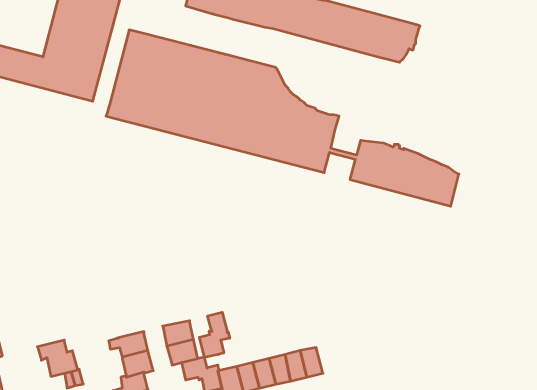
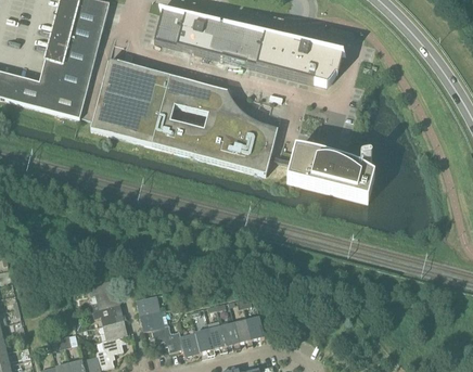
building: [199,312,230,358] -> none
building: [37,340,78,376] -> [88,279,120,308]

